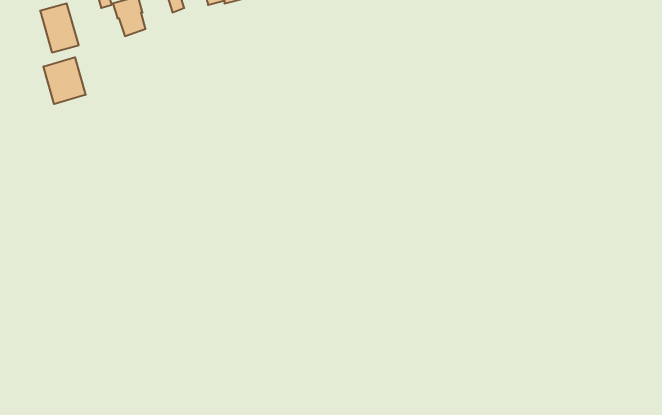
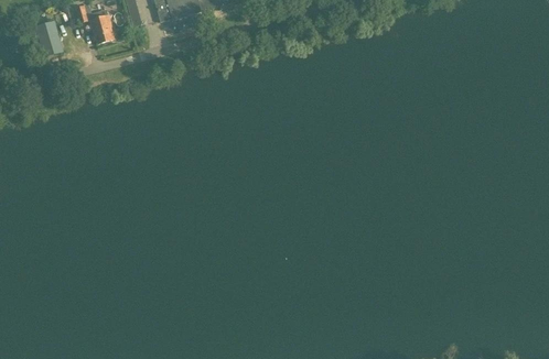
building: [43,57,86,104] -> none

